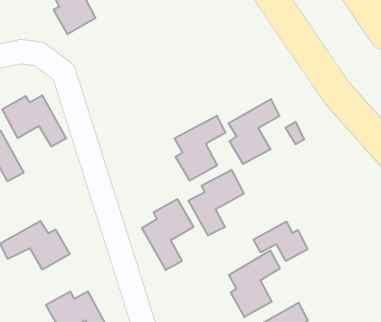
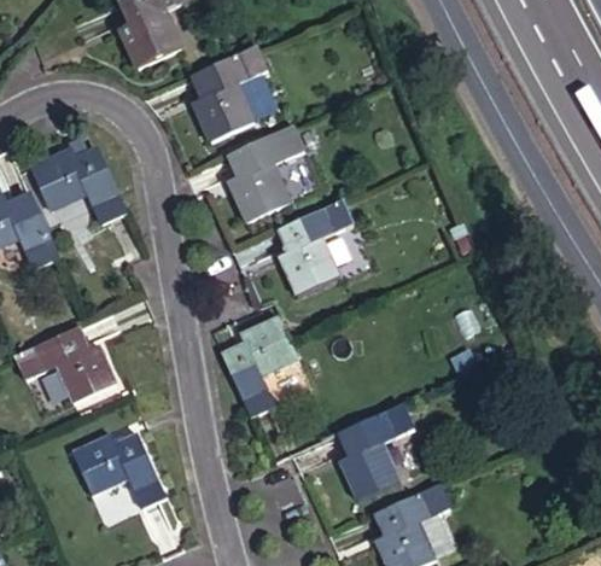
building: none -> [199,47,275,138]
building: [229,99,280,164] -> [232,126,308,215]
building: [188,170,244,236] -> none
building: [253,221,307,261] -> none

